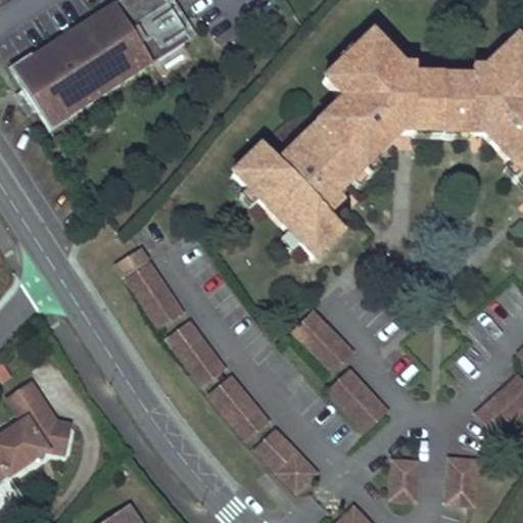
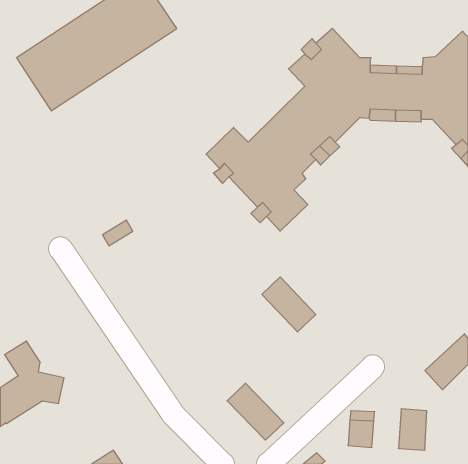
building: [125,260,182,327] -> none
building: [164,319,225,385] -> none
building: [327,367,387,427] -> none
building: [207,374,269,439] -> none

